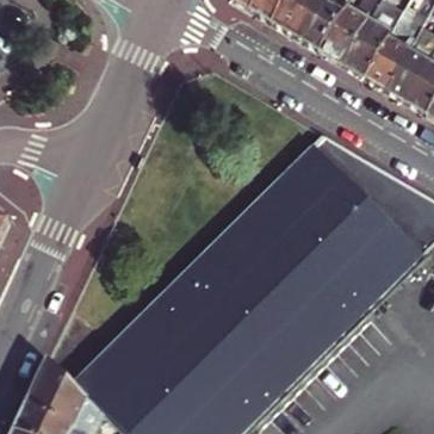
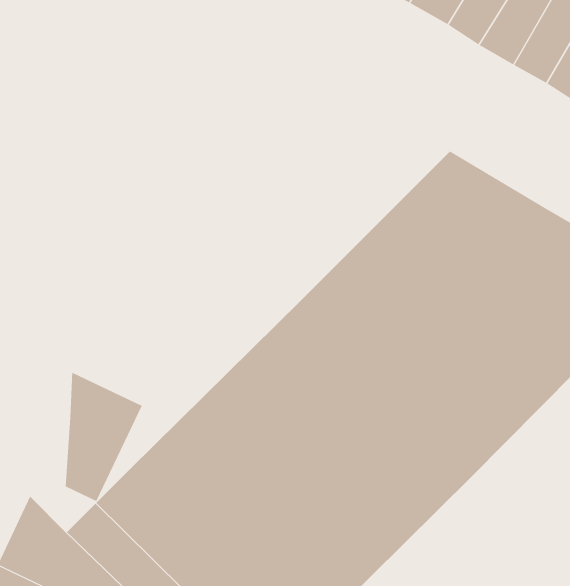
building: none -> [65,372,142,502]

